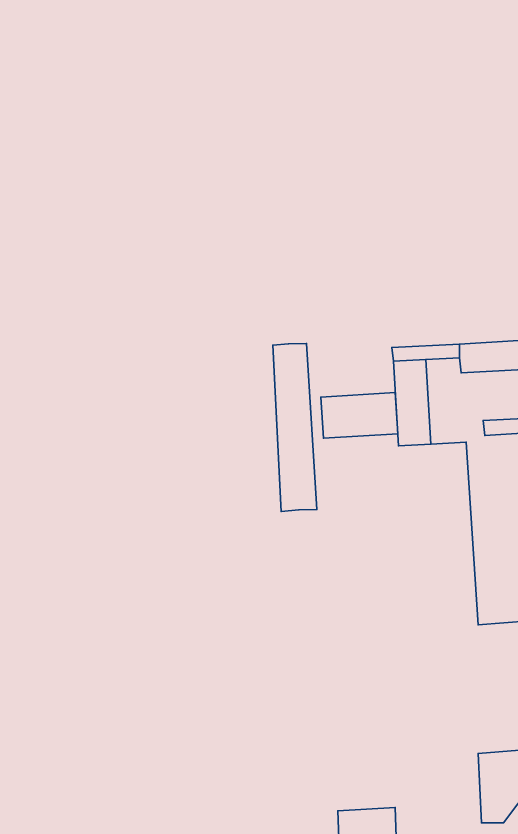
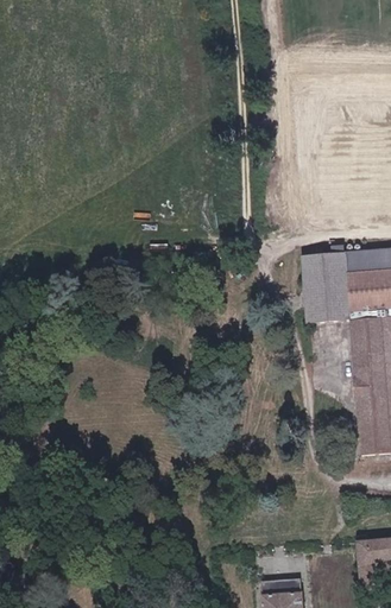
building: [273,343,317,512] -> none
building: [321,393,398,438] -> none

